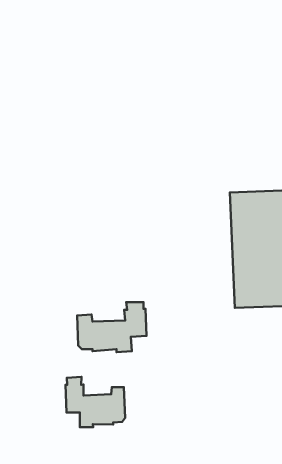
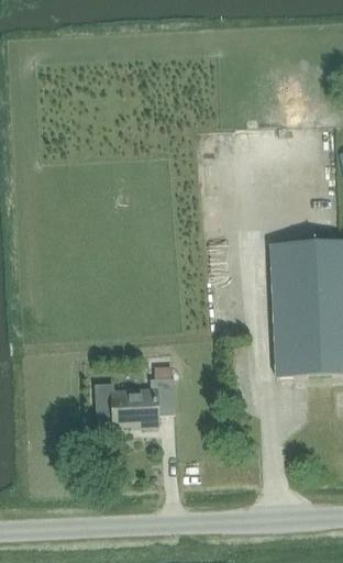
building: [66,377,125,427] -> none

